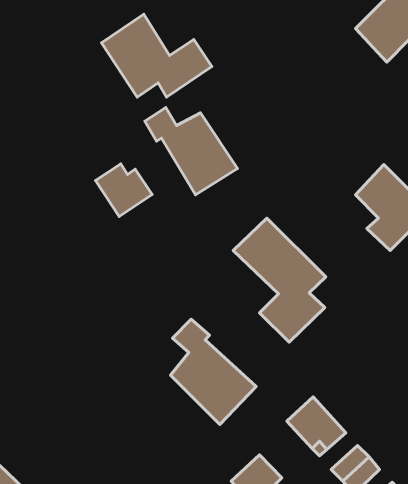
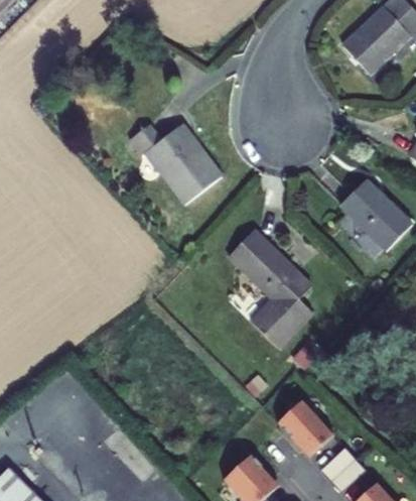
building: [101,14,212,97] -> none
building: [95,164,152,216] -> none
building: [170,319,256,425] -> none

